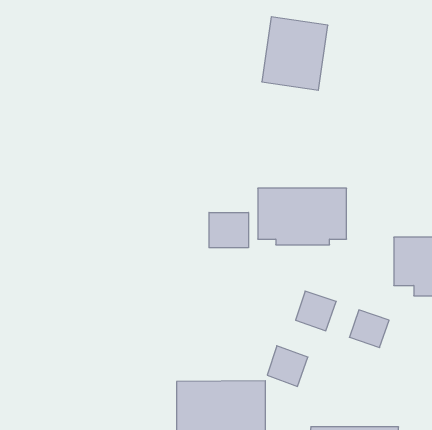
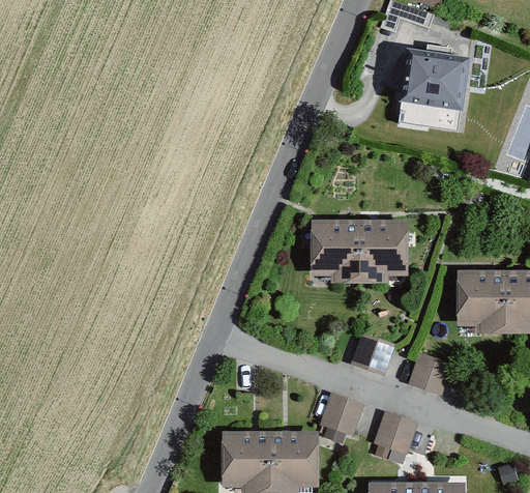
building: [262,17,328,90] -> [400,51,472,132]
building: [209,212,248,248] -> none
building: none -> [373,412,417,455]

